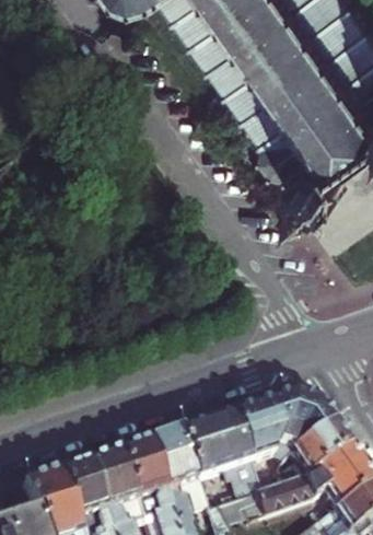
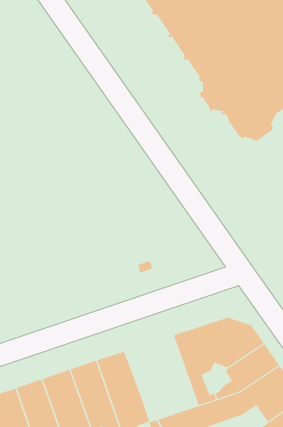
building: [167,411,248,497] -> none

